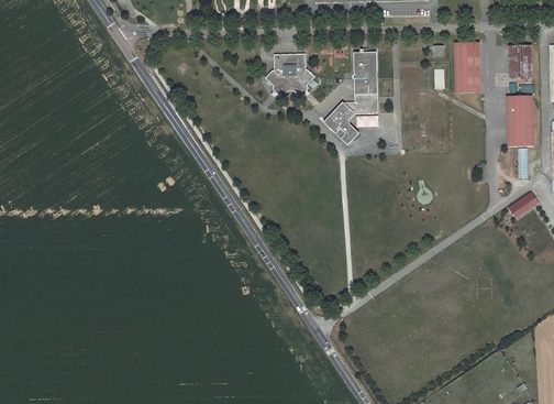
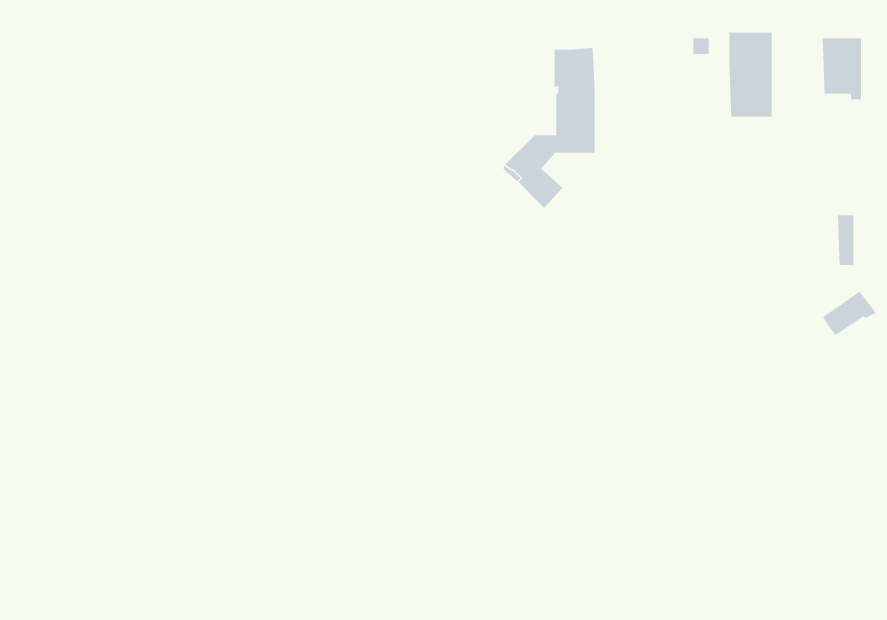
building: [265,53,317,97] -> none
building: [507,95,533,145] -> none

